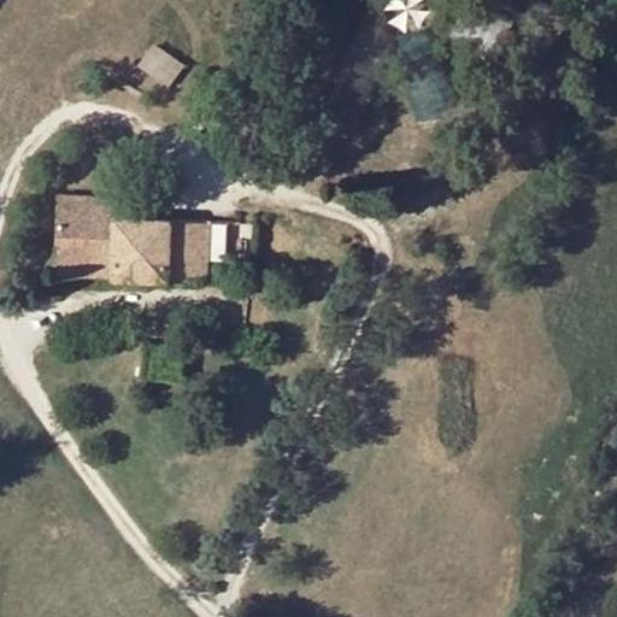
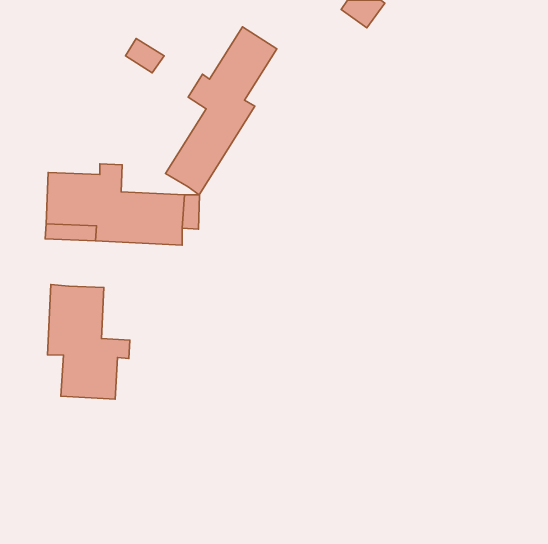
building: none -> [166,27,277,195]
building: none -> [48,285,130,399]

